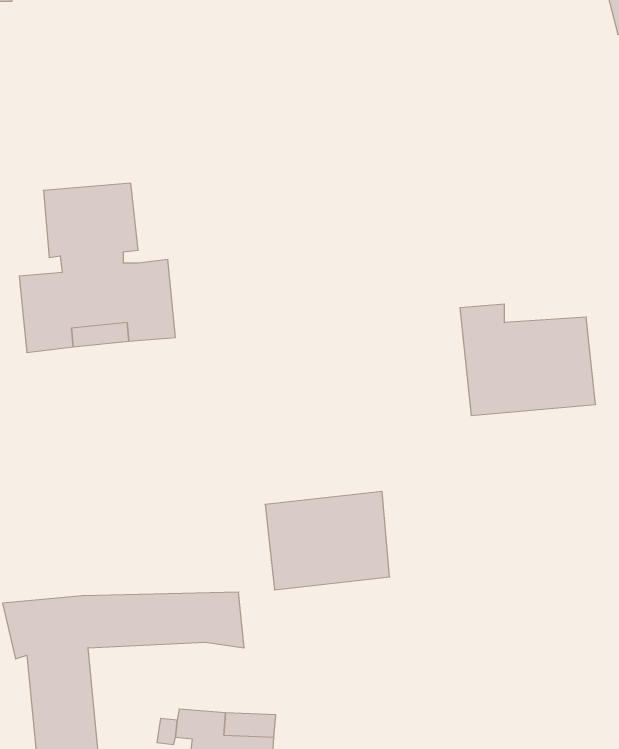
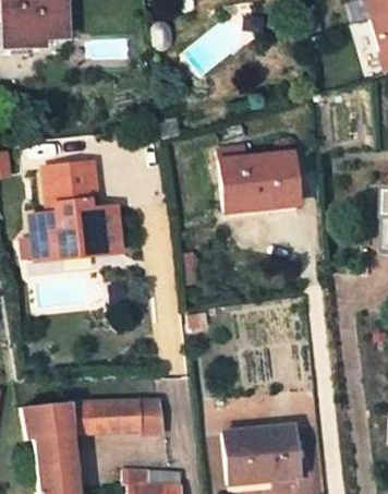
building: [460,304,596,416] -> [218,145,298,210]
building: [265,491,390,590] -> [223,425,296,483]

